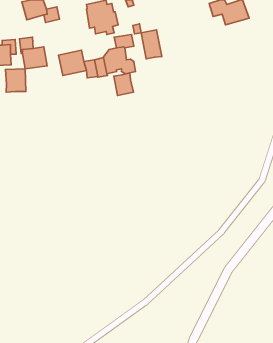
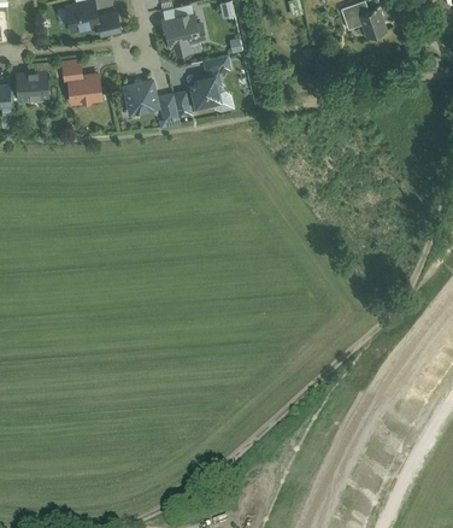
building: [141,30,162,59] -> none
building: [5,69,26,92] -> none
building: [114,73,134,95] -> none

